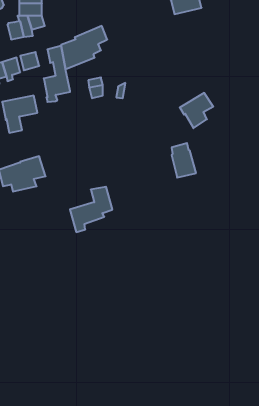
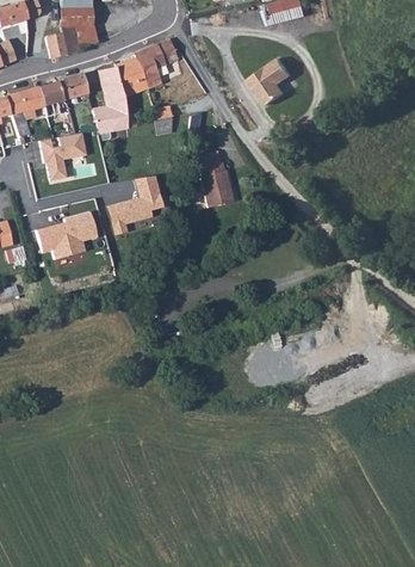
building: [180,93,213,128] -> [249,57,293,104]
building: [172,143,196,178] -> [202,161,234,207]
building: [70,187,112,232] -> [106,175,162,235]

